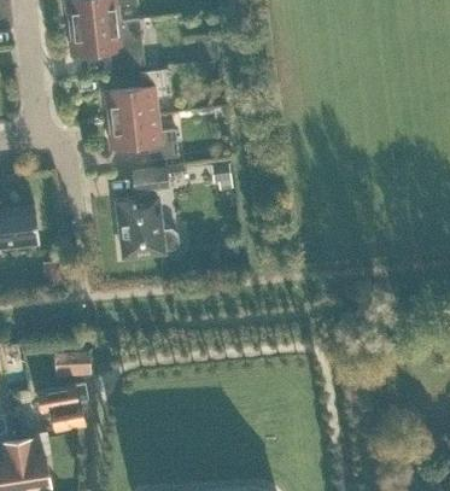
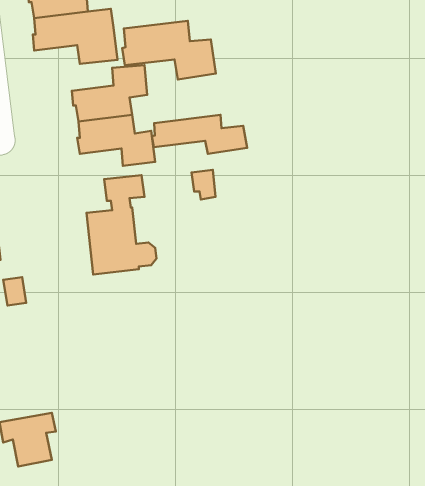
building: none -> [122,21,216,79]
building: none -> [152,115,247,154]
building: [53,351,89,376] -> none

